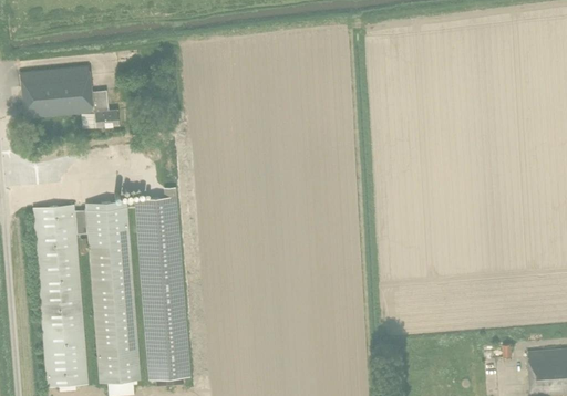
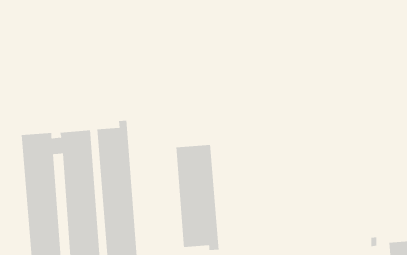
building: [20,64,118,127] -> none
building: none -> [176,144,219,251]

